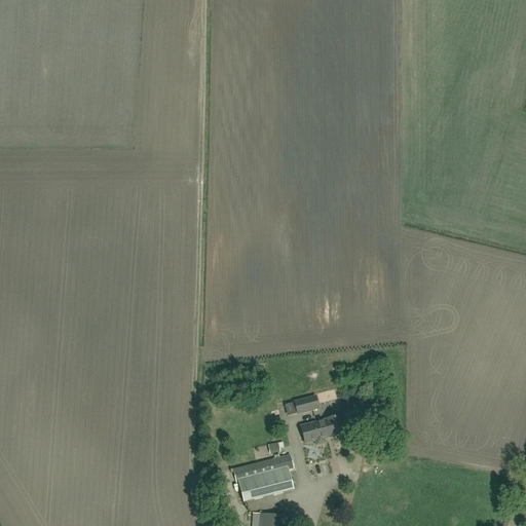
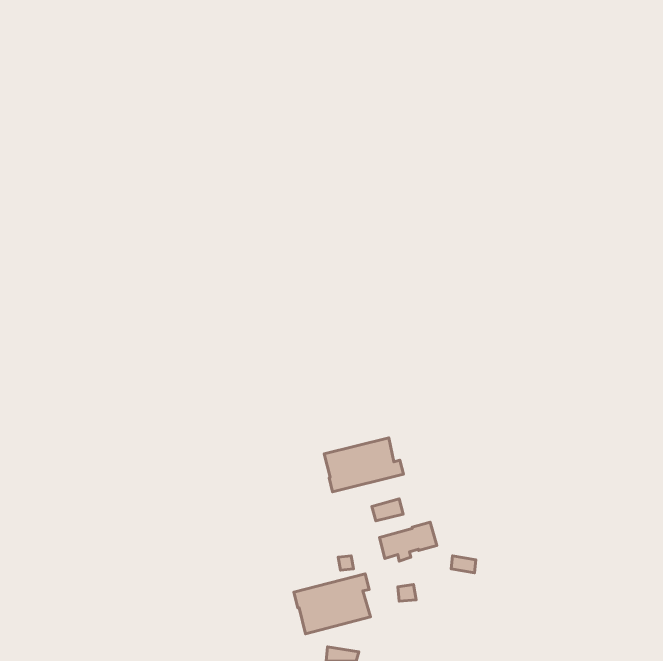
building: none -> [324,438,404,492]

